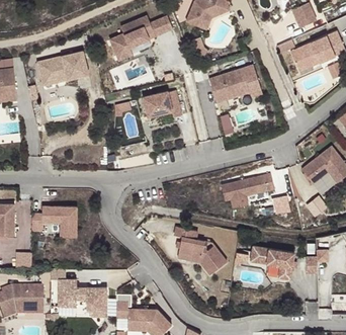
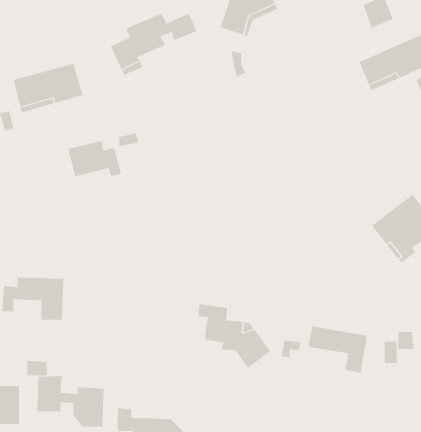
building: [209,64,264,101] -> none
building: [143,90,182,116] -> [68,141,122,177]
building: [221,174,273,210] -> none

